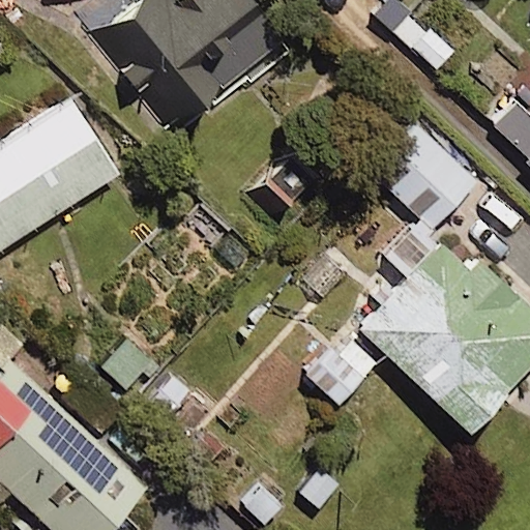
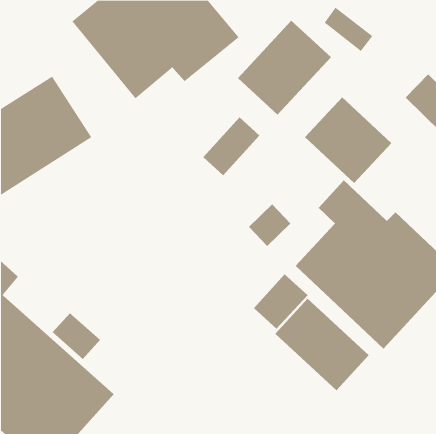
building: none -> [237,20,332,116]
building: none -> [275,298,369,391]

